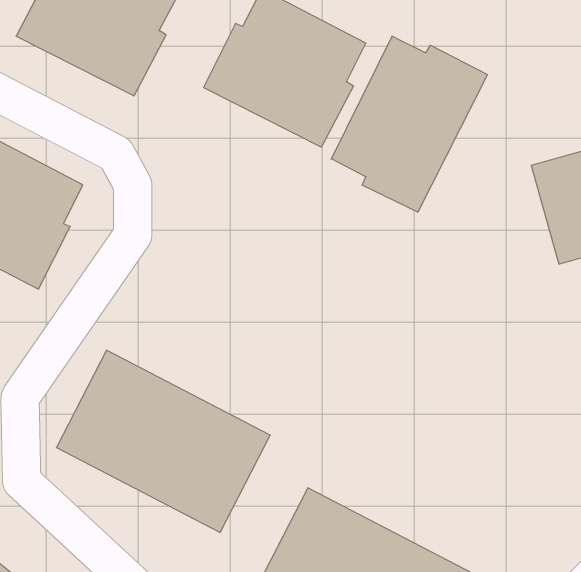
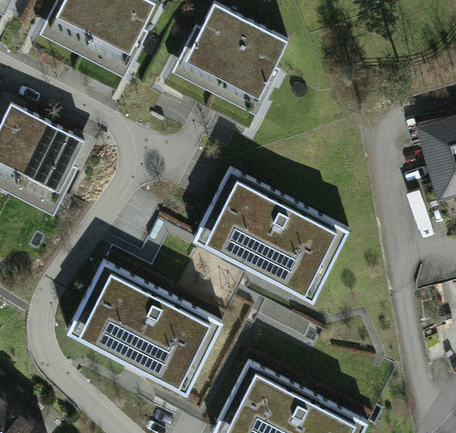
building: [331,36,487,212] -> none
building: none -> [193,169,349,301]

